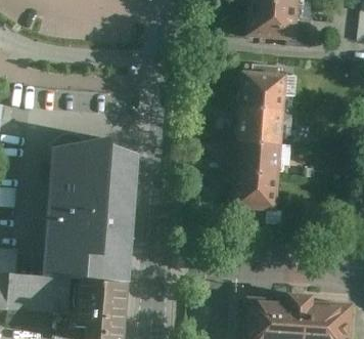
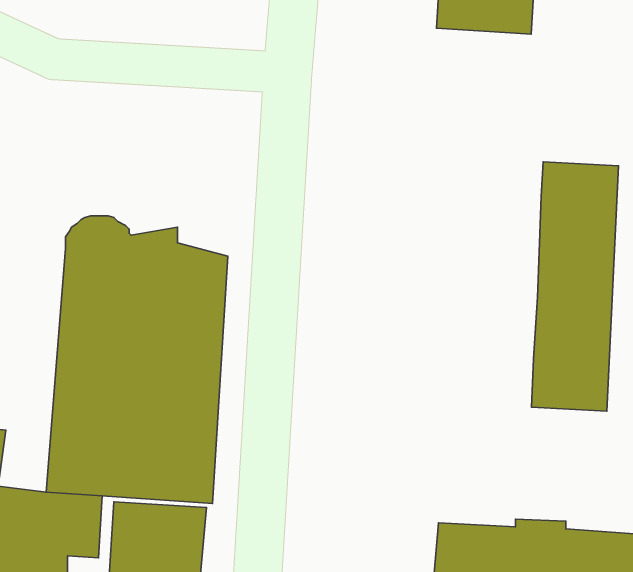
building: [235,81,281,213] -> [532,162,619,411]

